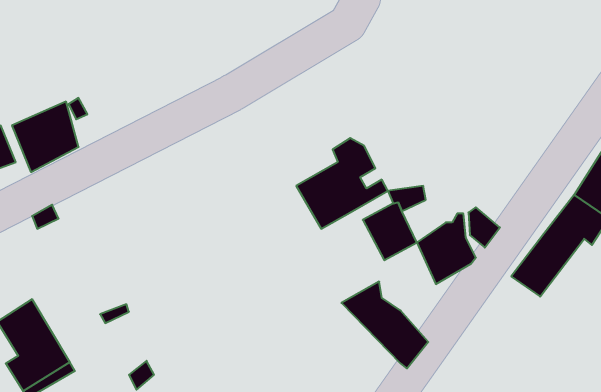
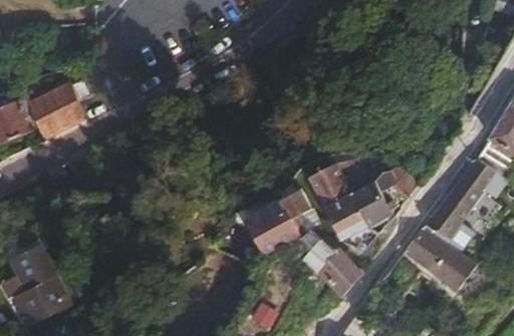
building: [296,138,388,229] -> [247,186,320,258]
building: none -> [324,197,365,243]
building: none -> [404,230,476,292]

